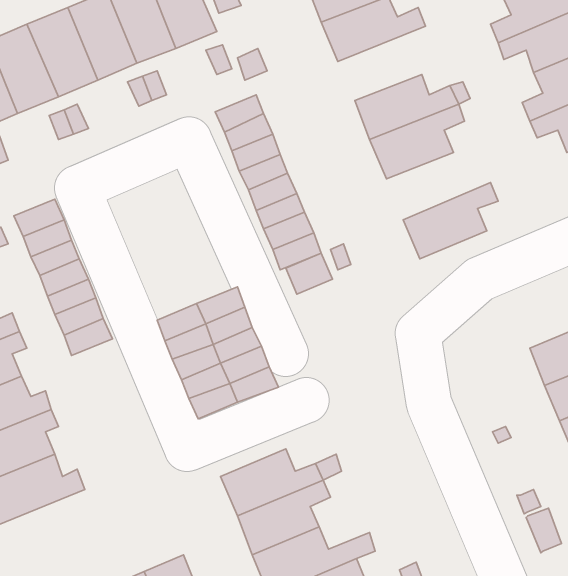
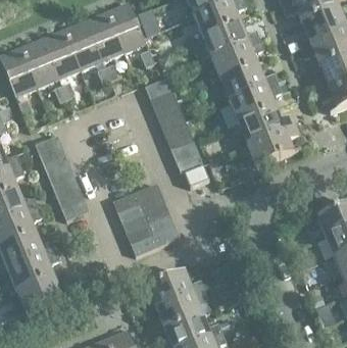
building: none -> [211,41,263,82]
building: none -> [238,110,295,147]

